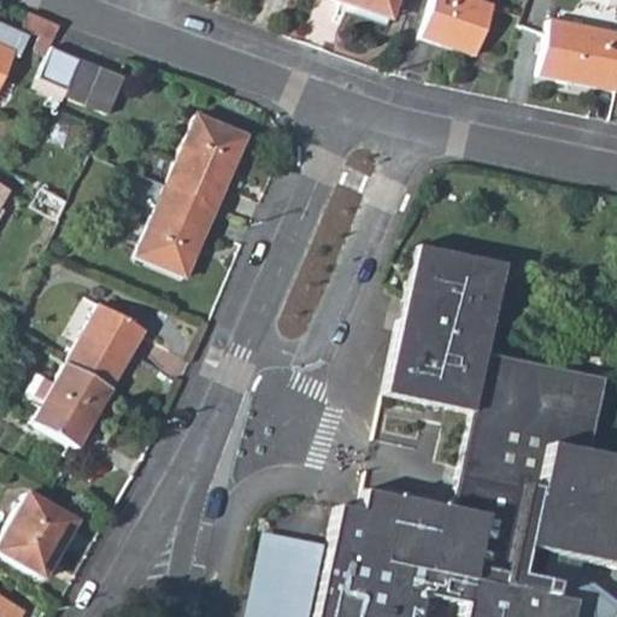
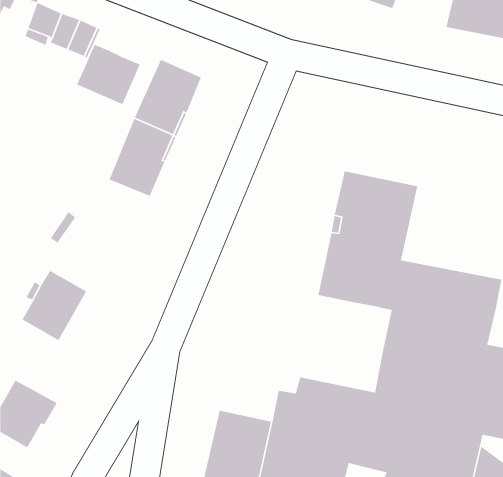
building: none -> [76,44,141,105]
building: [69,305,147,389] -> none

